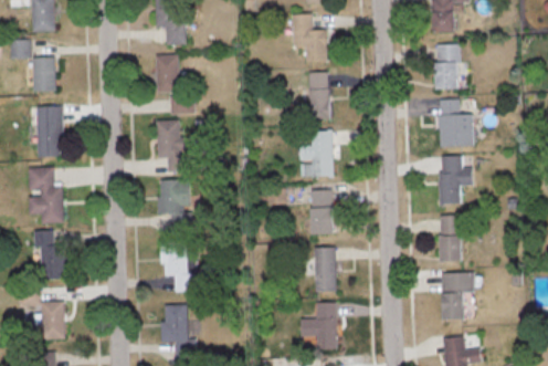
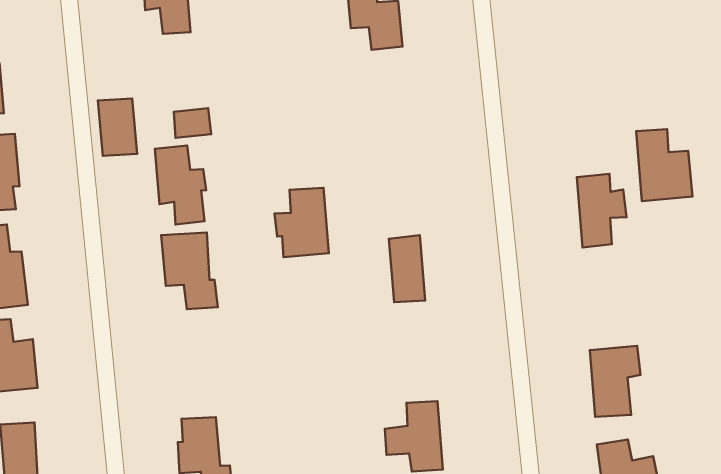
building: [434,44,460,90] -> none
building: [155,55,179,93] -> [98,99,137,156]
building: [308,73,330,119] -> none
building: [439,100,474,147] -> [636,129,692,201]
building: [298,132,334,177] -> [274,188,329,257]
building: [439,216,461,262] -> none
building: [161,245,198,293] -> none
building: [314,248,336,292] -> none

